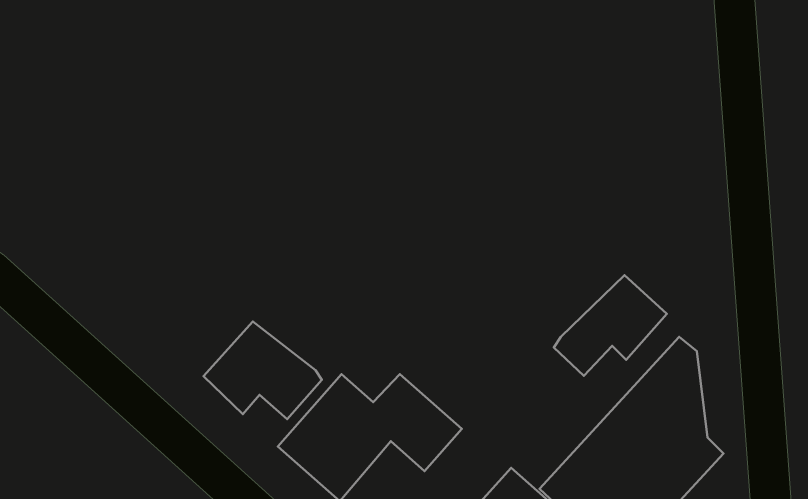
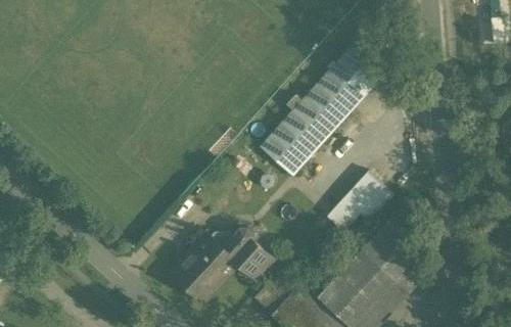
building: none -> [259,48,380,177]
building: [204,322,322,419] -> none

